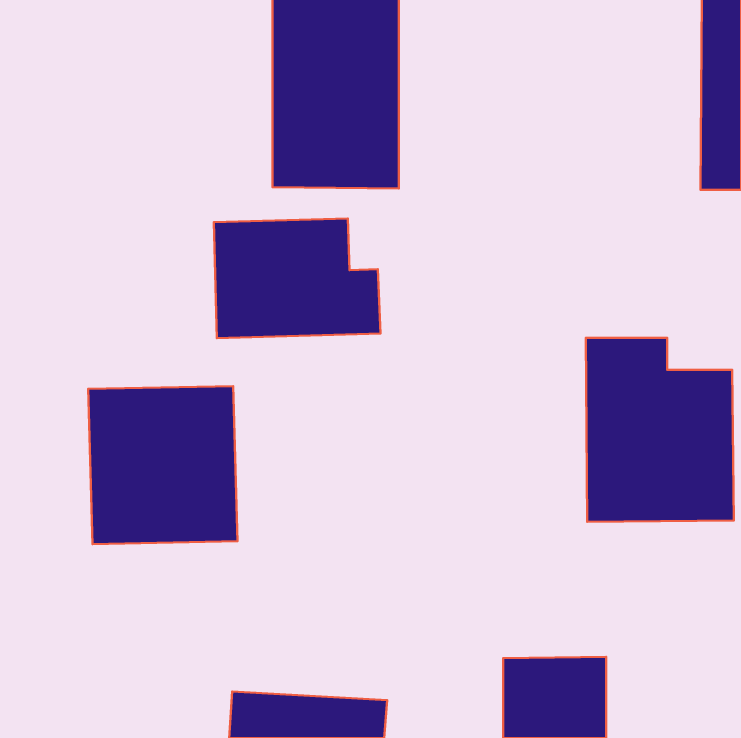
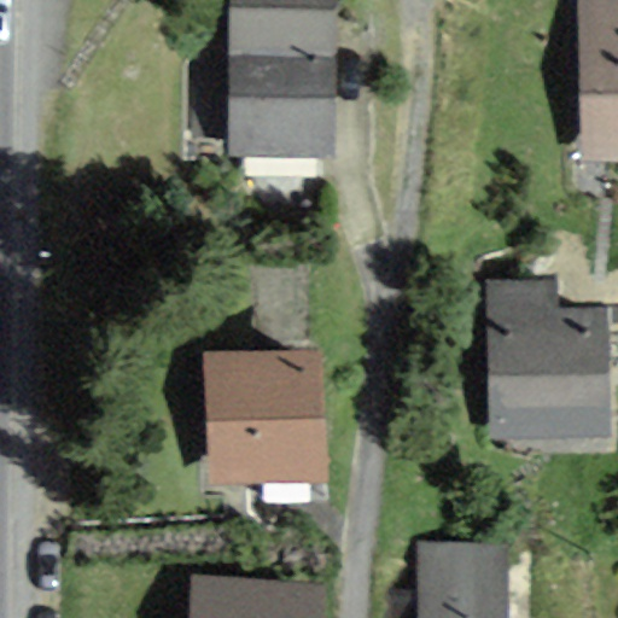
building: [214,219,380,338] -> none
building: [88,386,237,544] -> [204,354,328,485]

